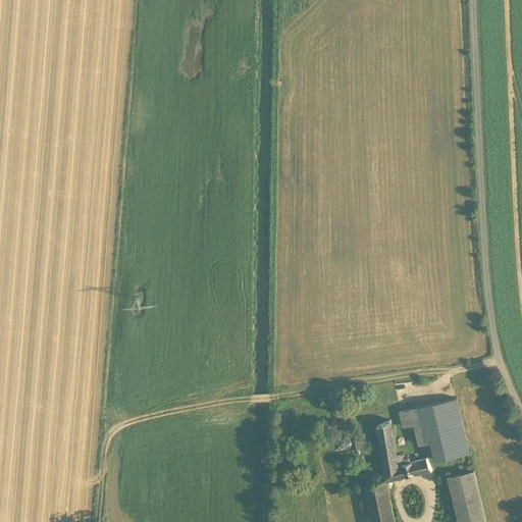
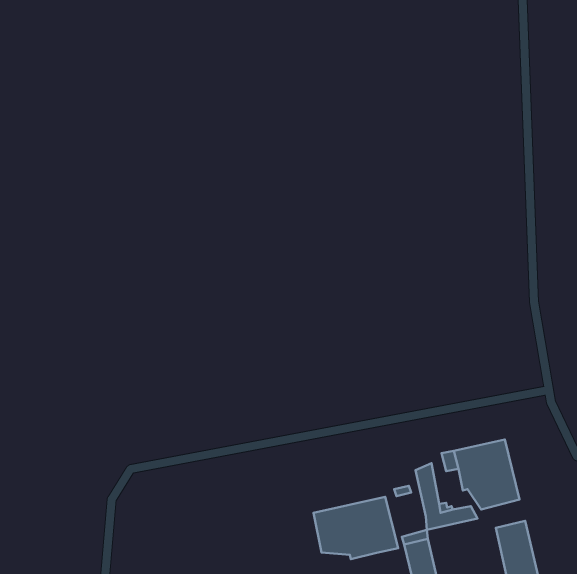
building: none -> [313,497,398,559]

